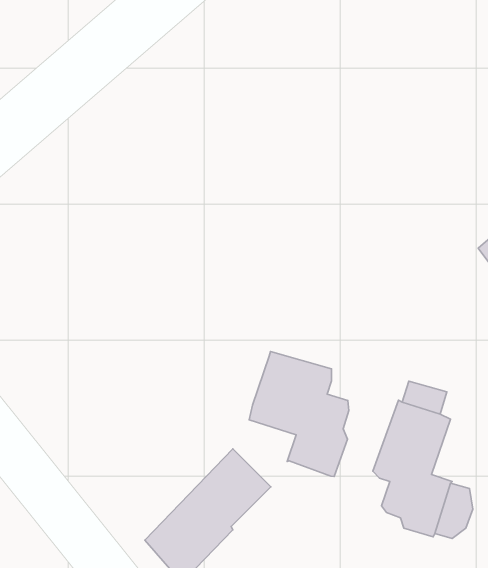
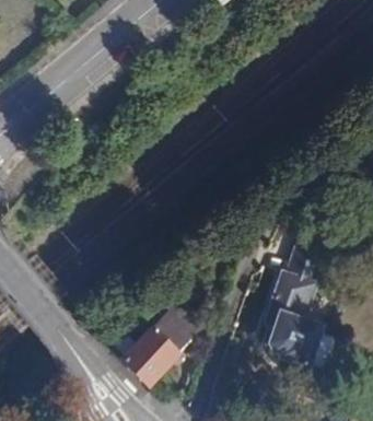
building: [249,351,349,477] -> none

